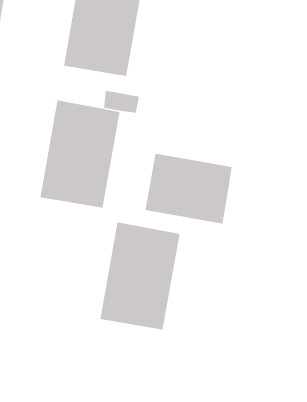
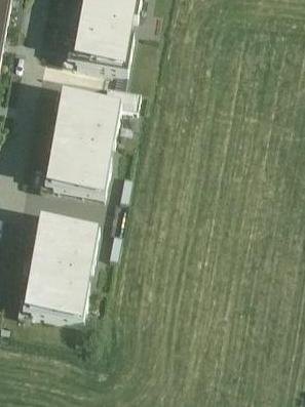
building: [144,153,233,224] -> none
building: [100,221,180,330] -> [22,220,99,324]

